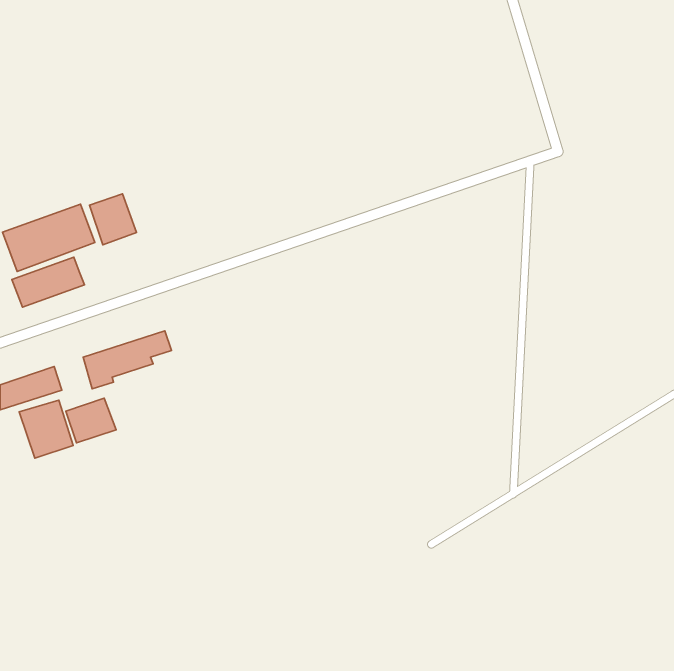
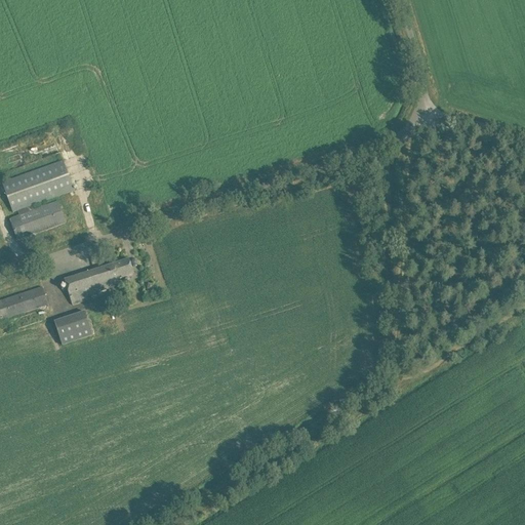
building: [89,194,137,245] -> none
building: [19,400,73,458] -> none

